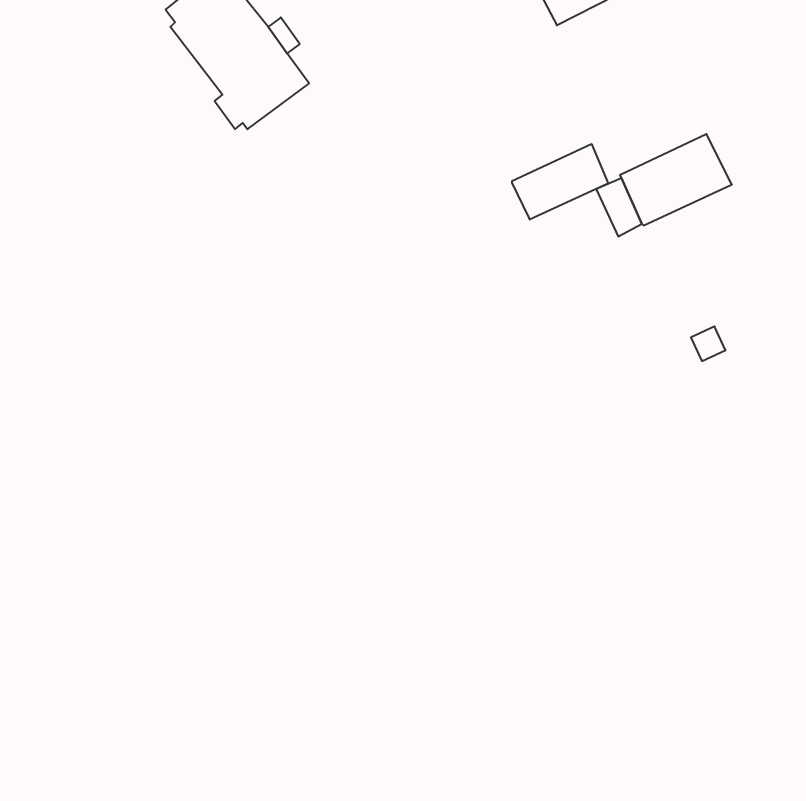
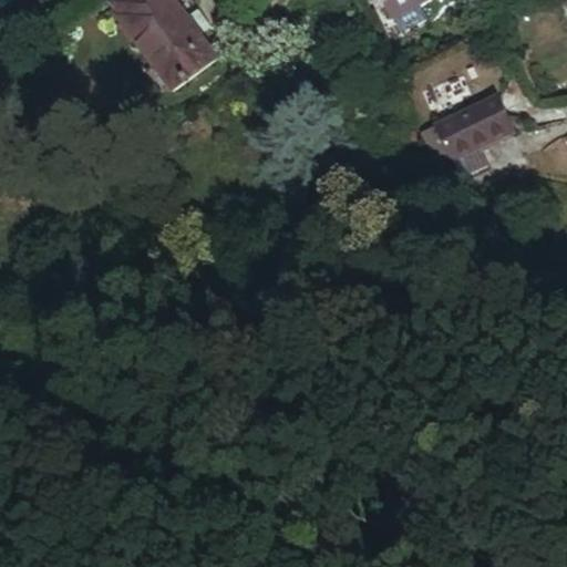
building: [512,144,608,220] -> none

